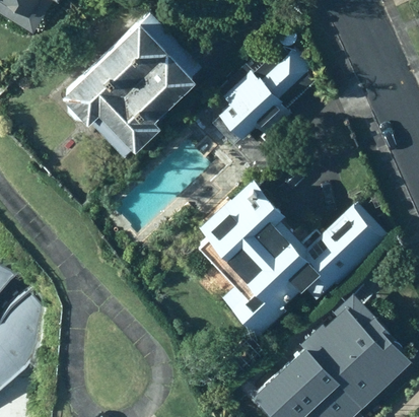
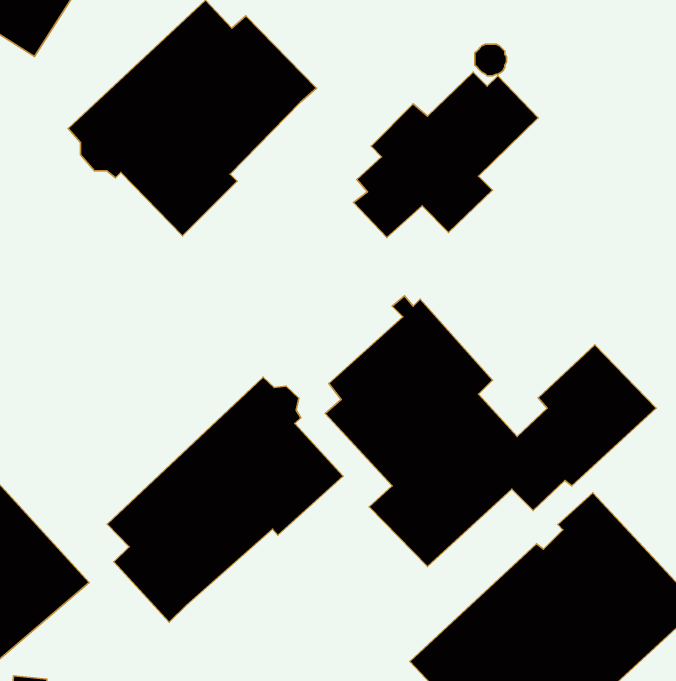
building: none -> [107,377,343,622]

